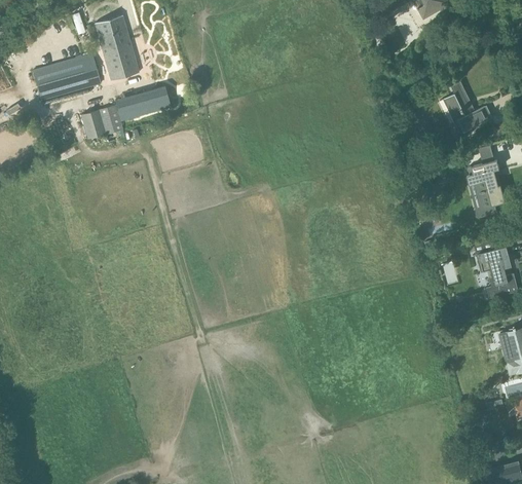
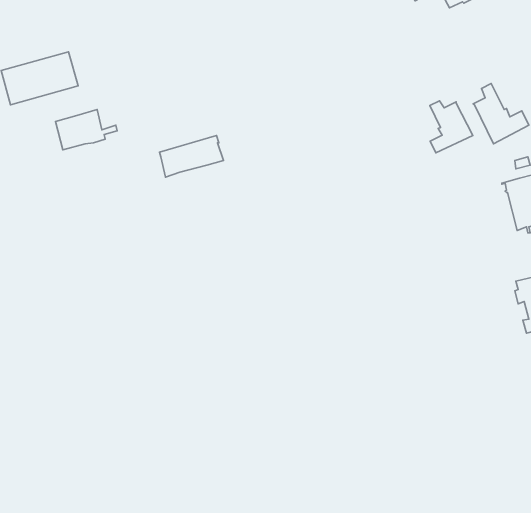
building: [96,15,139,80] -> none
building: [116,85,172,121] -> [160,136,224,177]
building: none -> [430,101,473,153]

